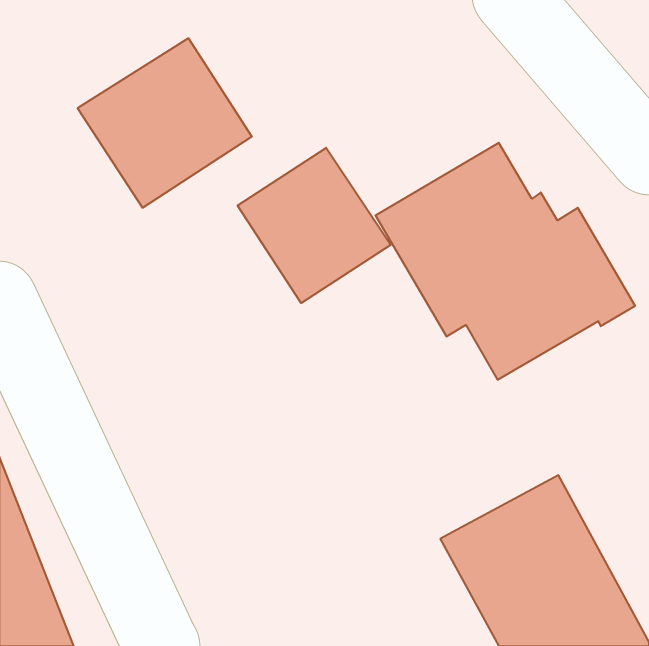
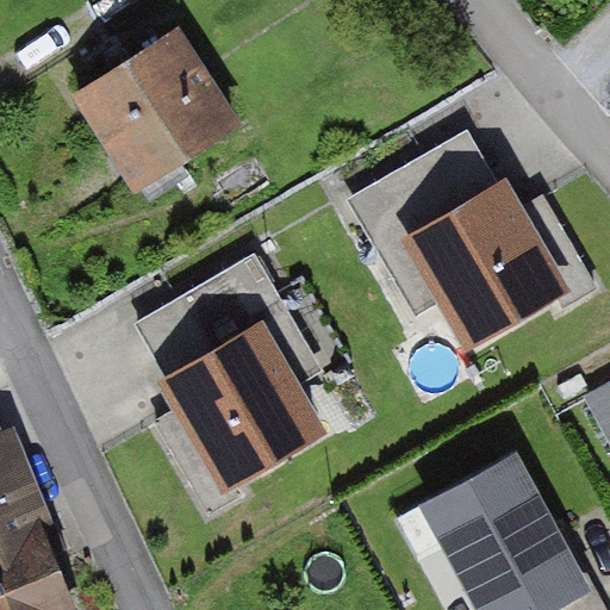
building: [238,148,391,303] -> none
building: none -> [138,253,329,513]

